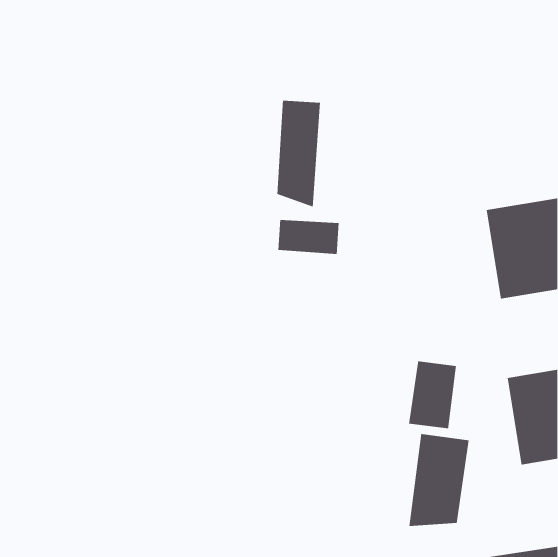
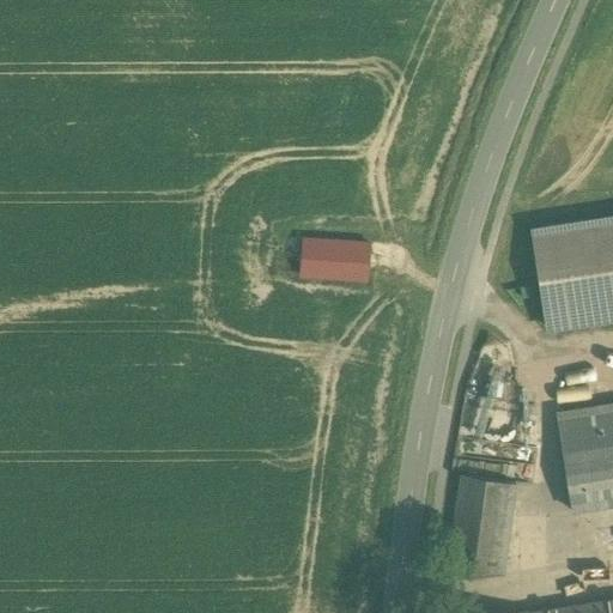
building: [277,100,320,208] -> none
building: [408,360,456,429] -> none

